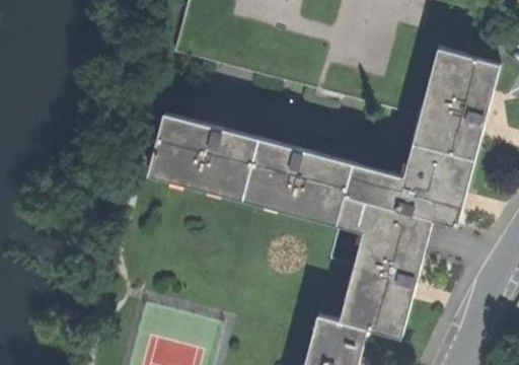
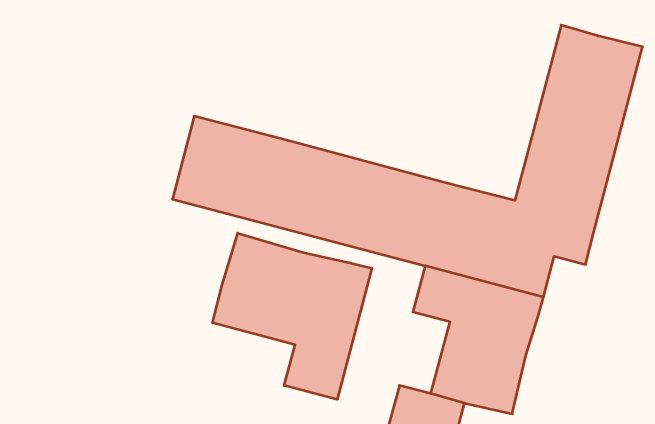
building: none -> [213,233,372,399]

